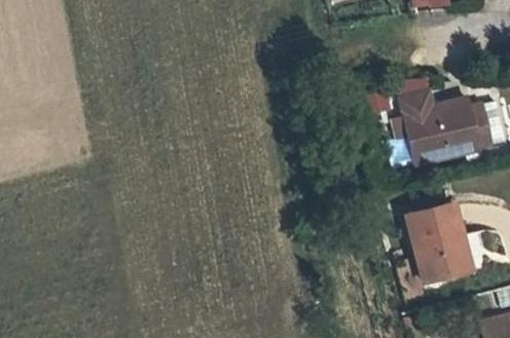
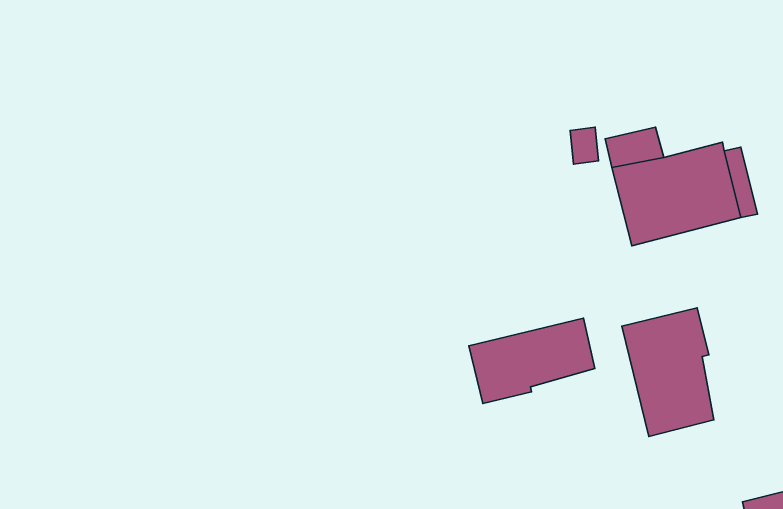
building: none -> [469,318,595,404]

